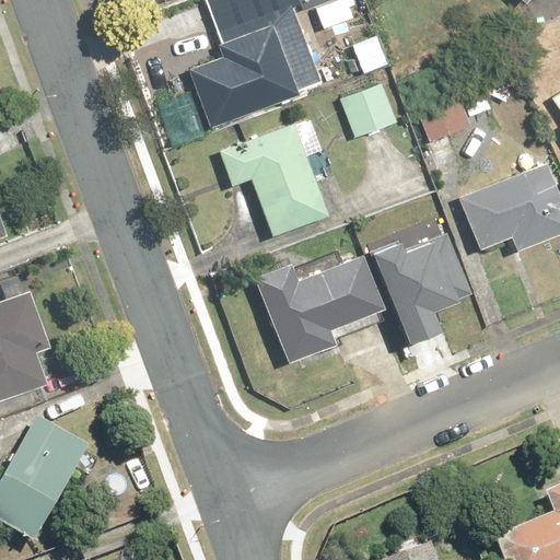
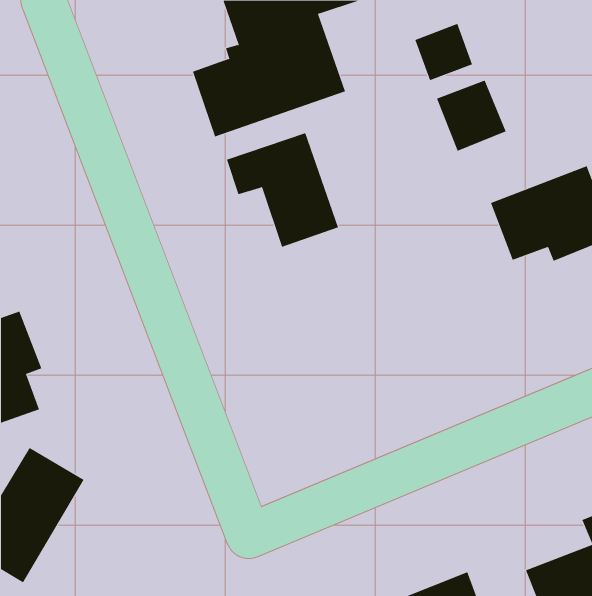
building: [343,84,398,138] -> [414,23,473,81]
building: [374,230,474,337] -> none
building: [250,256,376,363] -> none

